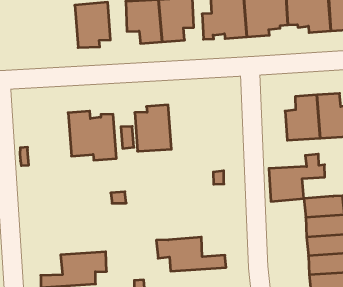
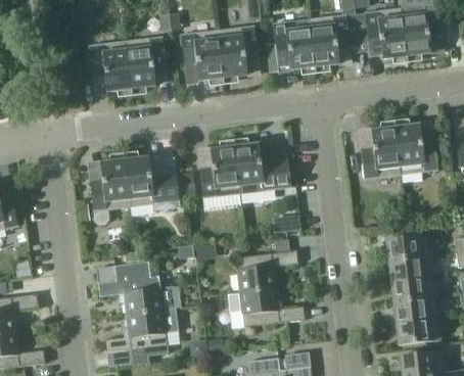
building: none -> [90,43,132,92]
building: none -> [233,143,291,194]
building: none -> [88,160,130,225]
building: [269,154,325,201] -> [237,239,298,293]
building: none -> [97,262,174,316]

